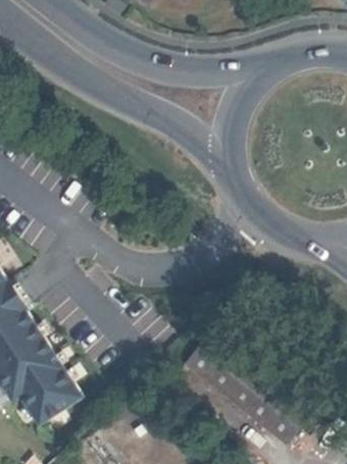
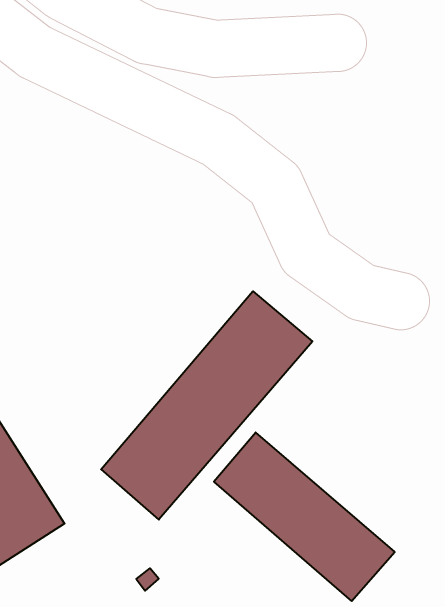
building: none -> [101,291,312,520]

